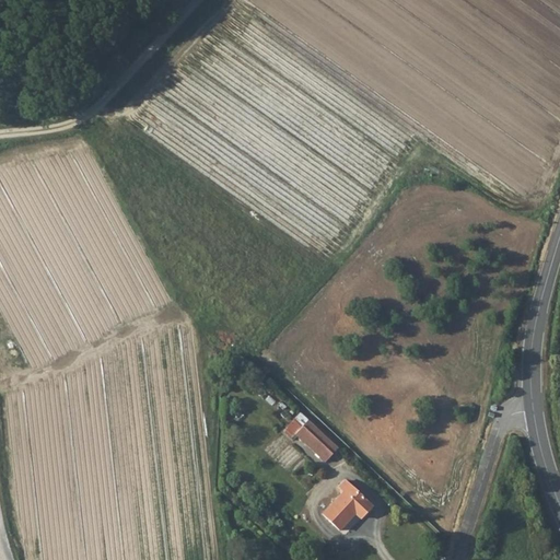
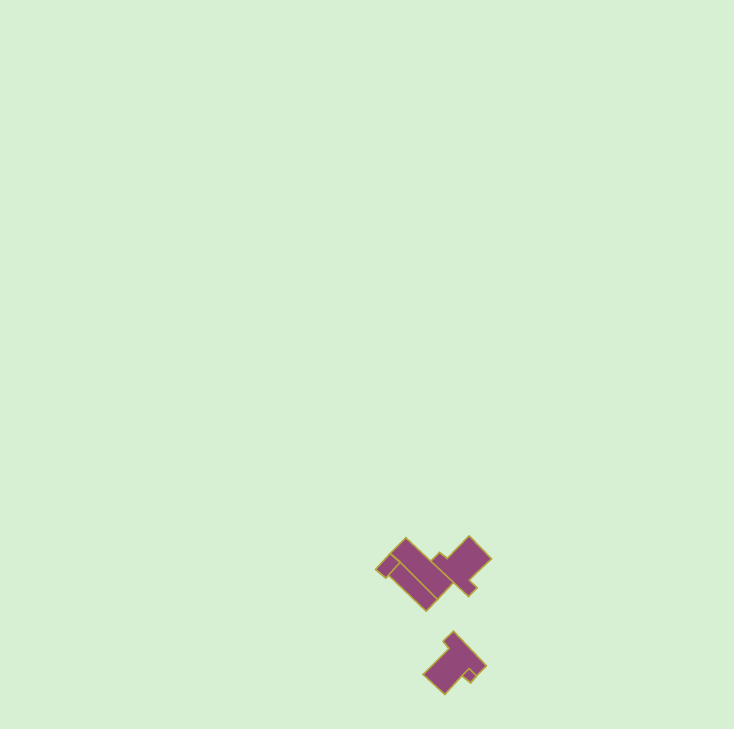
building: none -> [431,536,491,597]

